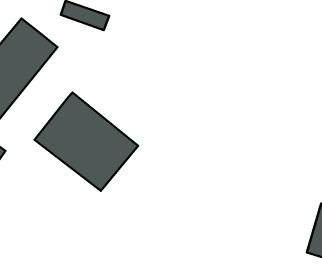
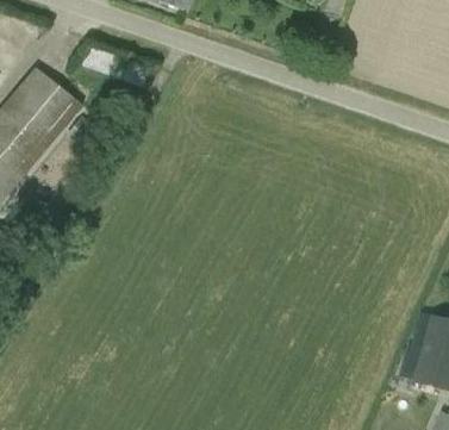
building: [34,92,138,191] -> none

